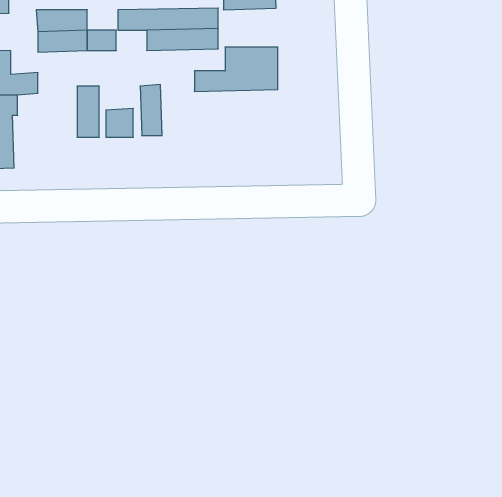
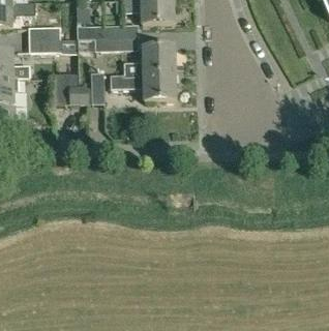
building: none -> [111,74,176,102]

